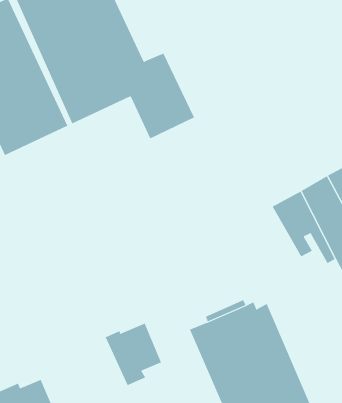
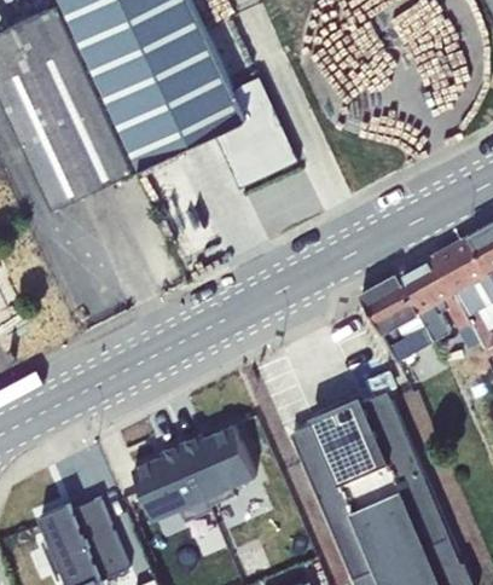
building: none -> [359,274,434,360]
building: none -> [132,442,211,521]

